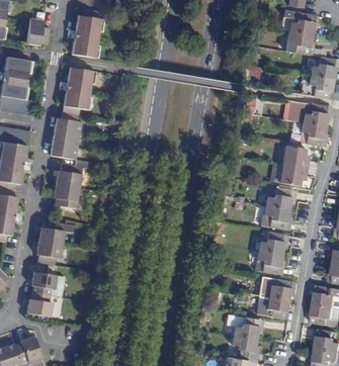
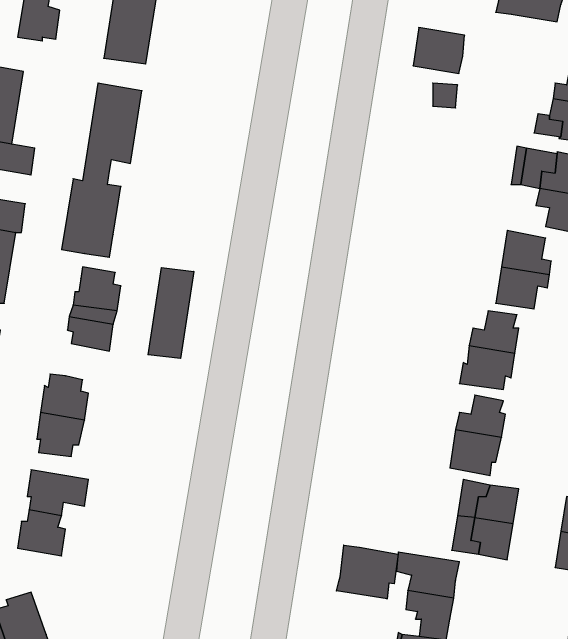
building: [284,30,312,55] -> [413,28,465,73]
building: none -> [148,268,194,358]
building: none -> [336,545,398,599]

